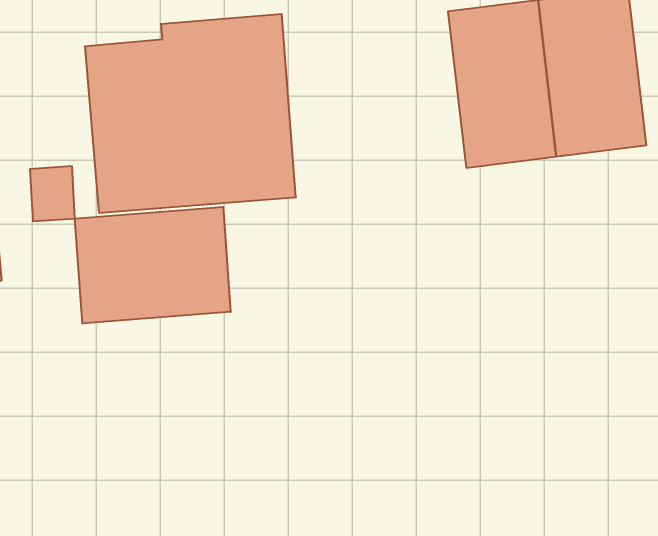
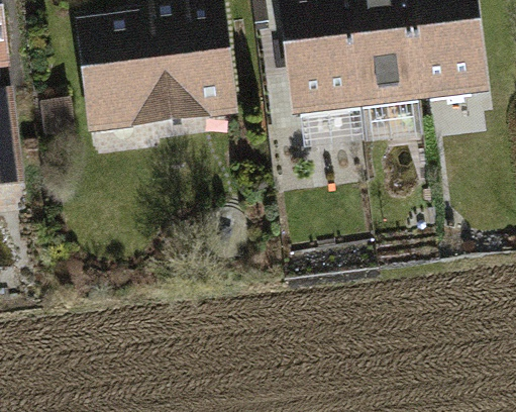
building: none -> [281,12,358,131]
building: [75,207,231,324] -> none

